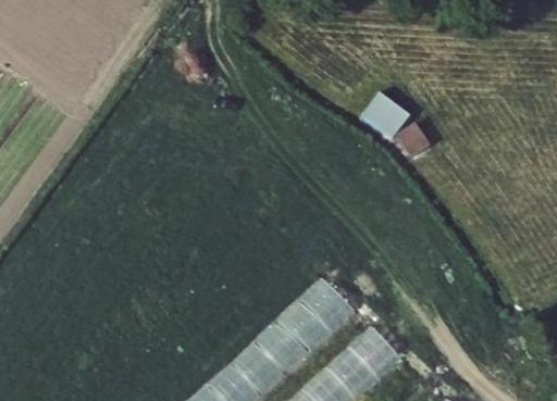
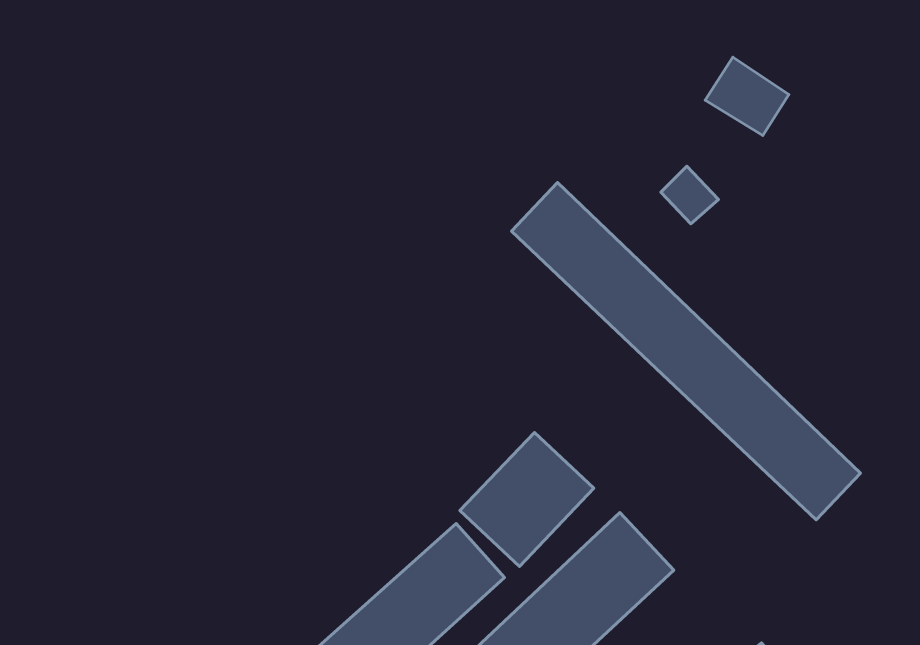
building: [358,89,407,135] -> [705,57,789,136]
building: none -> [511,183,860,520]

